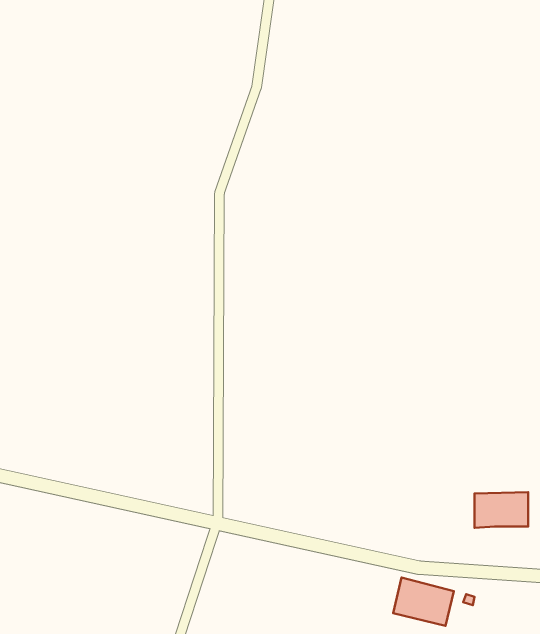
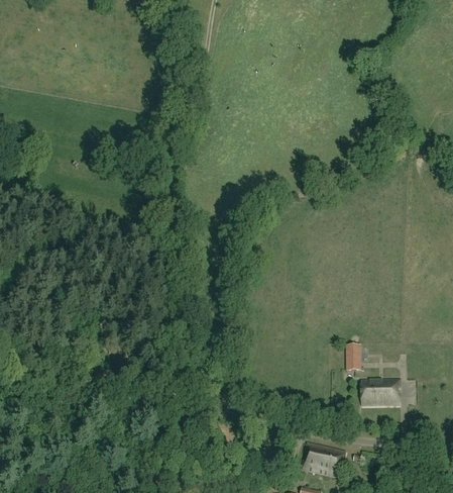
building: none -> [345,343,361,370]

